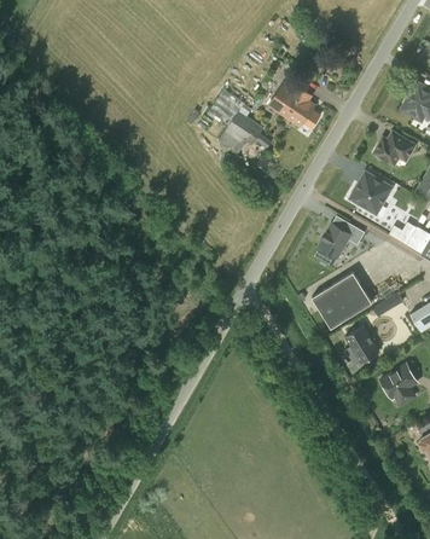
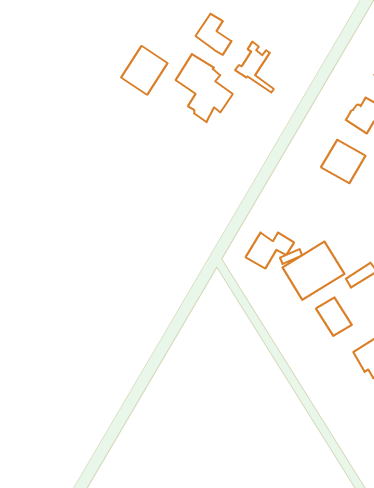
building: none -> [121,46,168,95]
building: [285,88,320,128] -> [196,14,232,55]
building: [318,224,365,259] -> [246,232,294,268]

